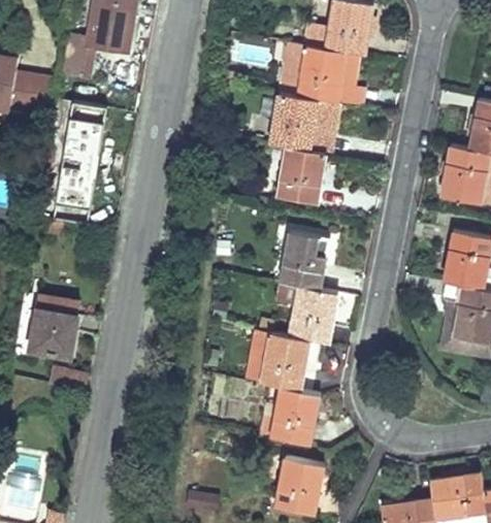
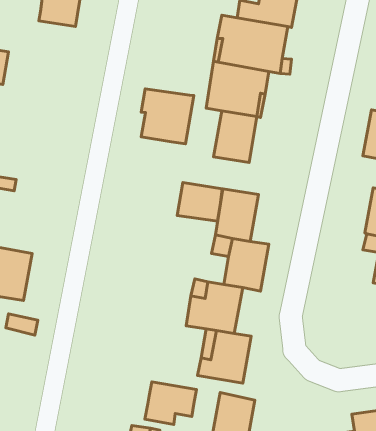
building: [61,33,93,76] -> none
building: [50,101,106,216] -> none
building: none -> [141,89,194,144]
building: none -> [177,183,222,221]
building: none -> [145,382,197,425]

